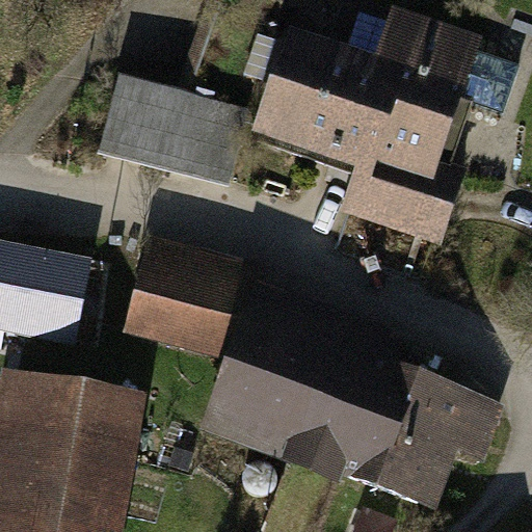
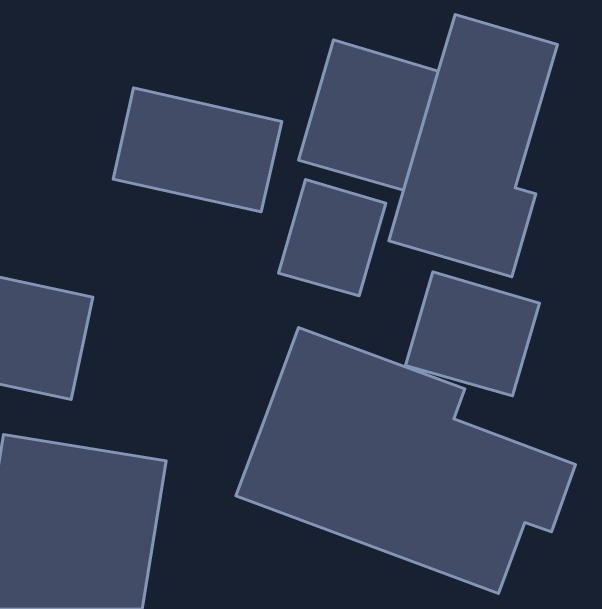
building: none -> [278,180,386,296]
building: none -> [406,272,539,396]
building: [125,235,265,362] -> none

